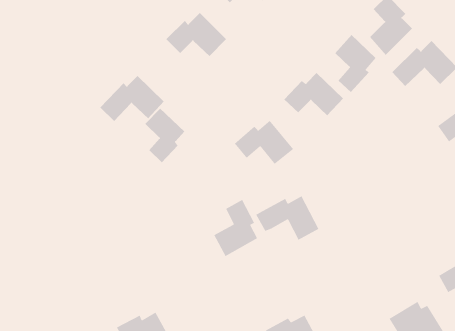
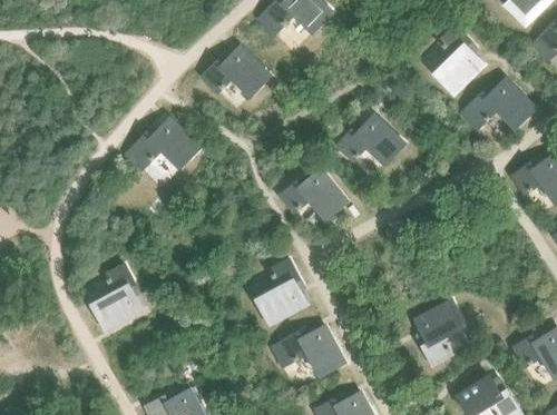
building: [334,34,377,93] -> none
building: [145,108,185,163] -> none
building: [255,195,319,241] -> [271,325,344,377]
building: none -> [90,265,141,330]
building: none -> [413,299,466,366]

